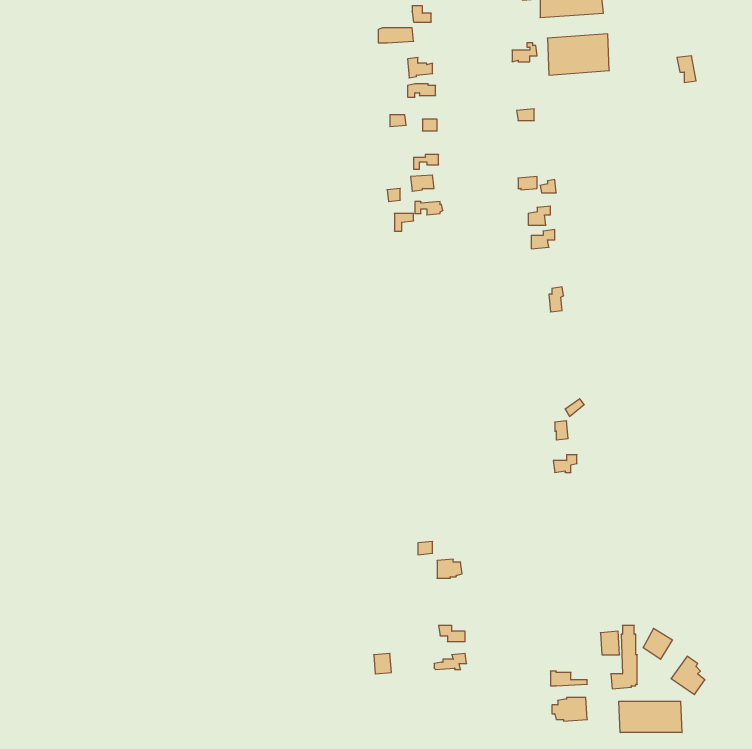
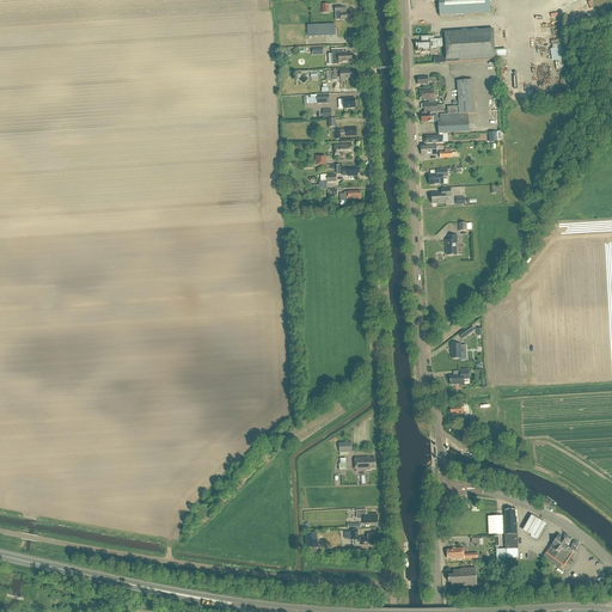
building: none -> [421,78,475,131]
building: [619,701,682,733] -> none

